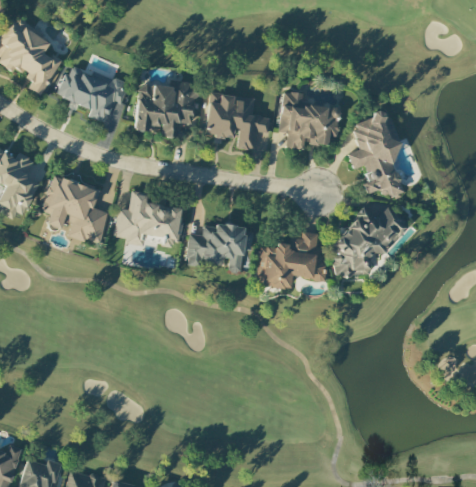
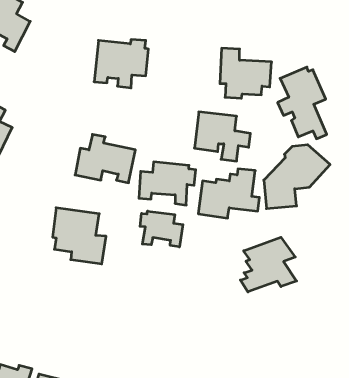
building: [58,66,129,122] -> none
building: [205,92,270,149] -> [194,112,250,161]
building: [45,177,107,242] -> [53,208,106,264]
building: none -> [140,211,183,247]
building: none -> [240,237,297,292]

